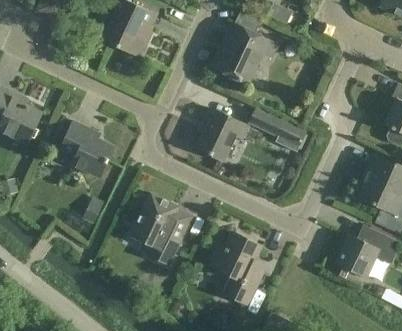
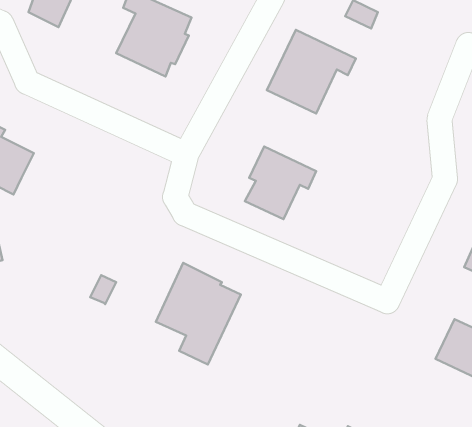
building: [250,108,313,154] -> none
building: [60,121,114,177] -> none
building: [209,232,267,305] -> none

